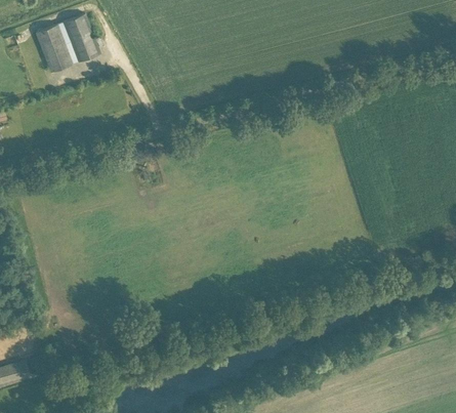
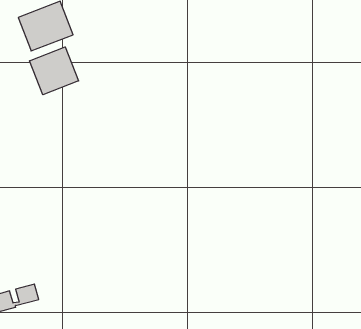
building: none -> [30,47,79,95]

